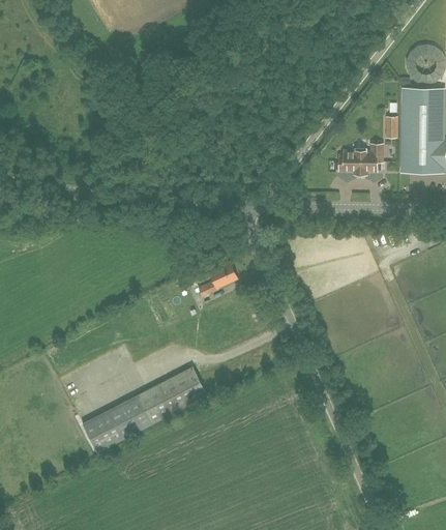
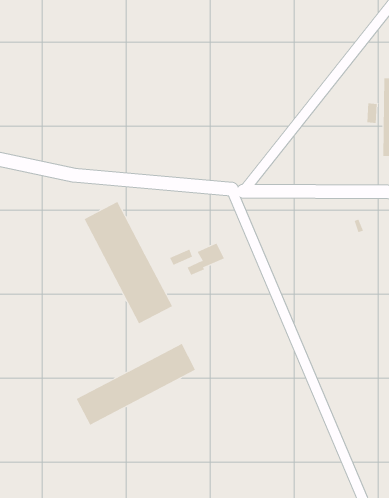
building: [339,143,382,173] -> none
building: none -> [84,201,173,324]

